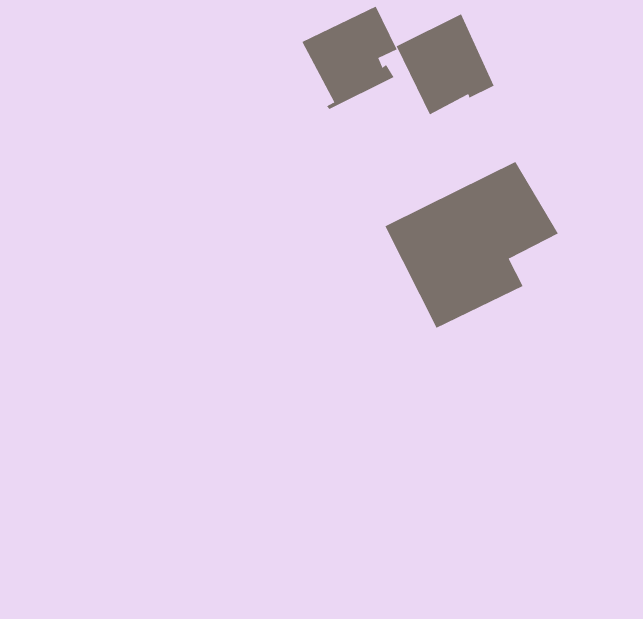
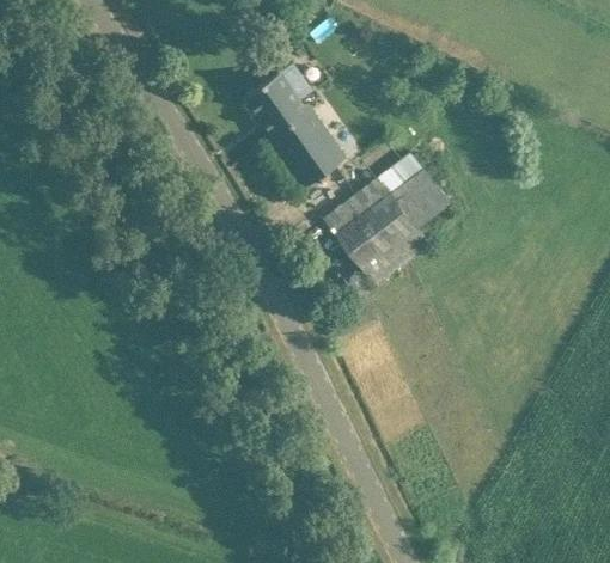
building: [396,14,494,115] -> [270,110,346,186]

